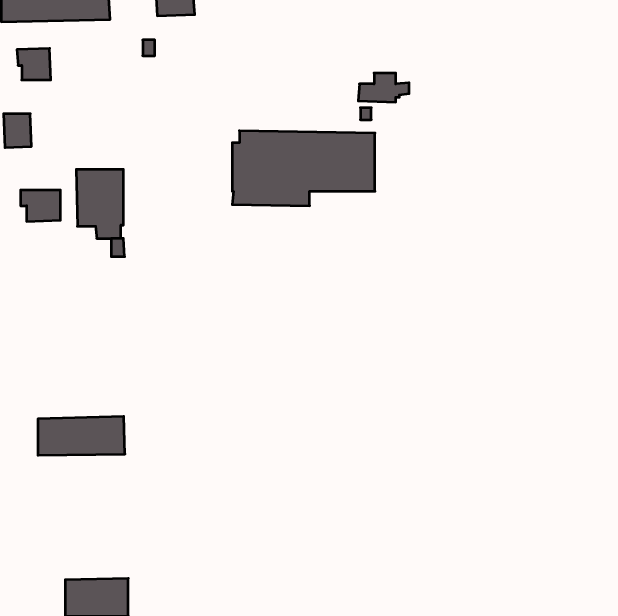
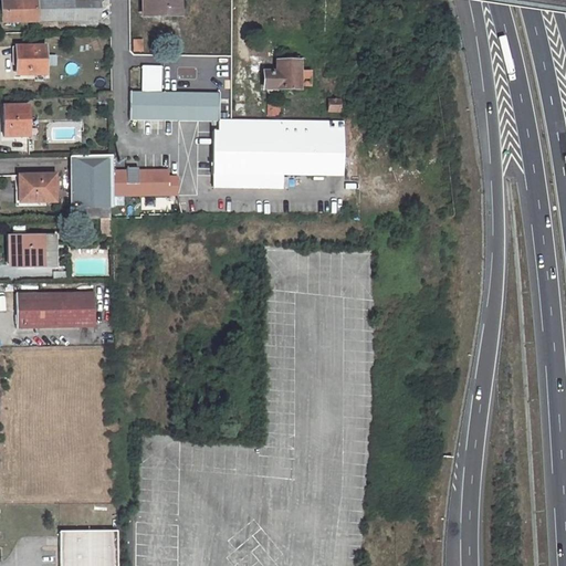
building: none -> [130,65,219,119]
building: [358,73,409,102] -> [264,62,311,88]
building: none -> [113,167,178,203]
building: none -> [10,233,56,266]
building: [38,416,125,455] -> [15,292,95,327]

